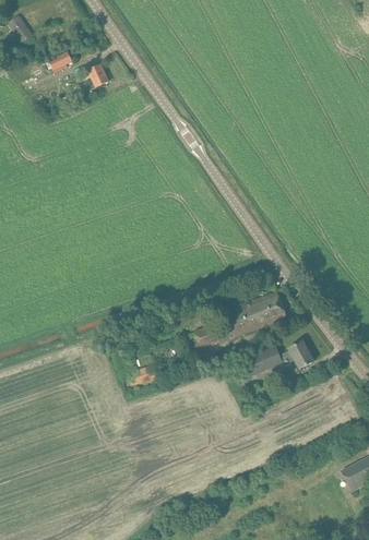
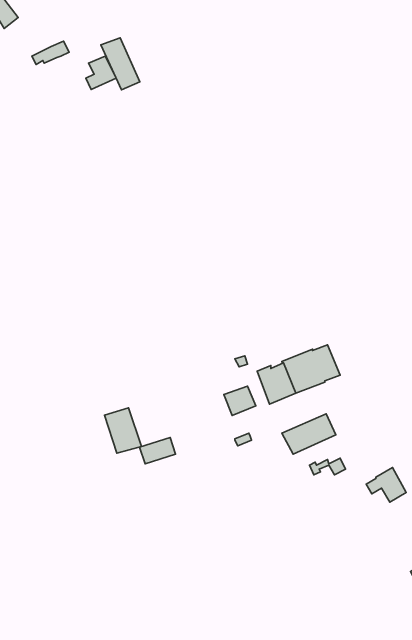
building: none -> [101,38,140,90]
building: [283,340,314,368] -> [366,468,406,502]
building: none -> [105,408,142,453]

